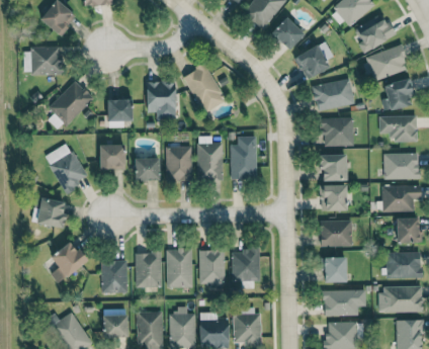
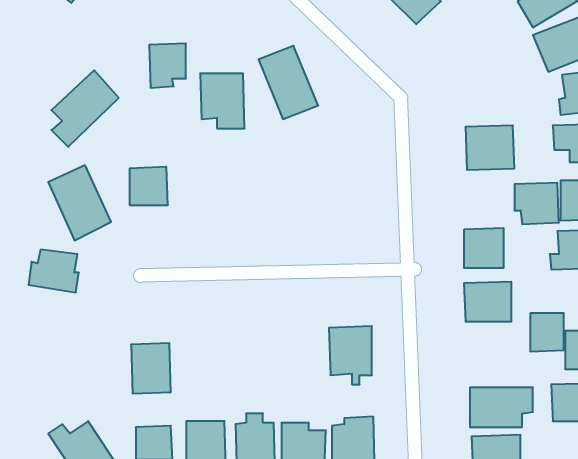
building: [295,40,334,80] -> none
building: [31,47,63,75] -> none
building: [313,77,356,111] -> none
building: [108,98,133,127] -> [149,43,186,88]
building: [231,136,257,178] -> none
building: [197,143,224,181] -> none
building: [166,146,192,180] -> none
building: [319,154,348,181] -> [514,183,559,224]
building: [136,158,160,180] -> none
building: [52,241,87,283] -> none
building: [167,248,193,287] -> none
building: [199,249,226,283] -> none
building: [136,252,162,287] -> none
building: [325,257,347,282] -> [530,313,564,352]

